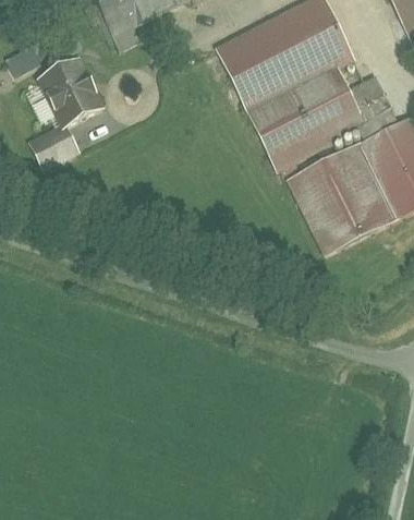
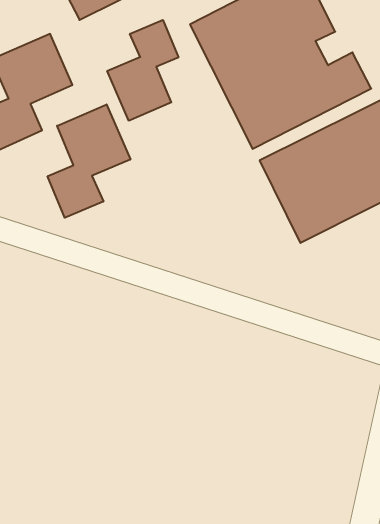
building: none -> [107,20,178,121]
building: none -> [48,104,130,218]

